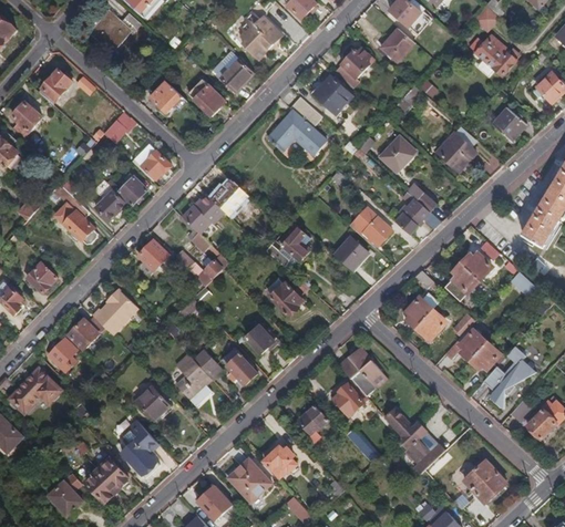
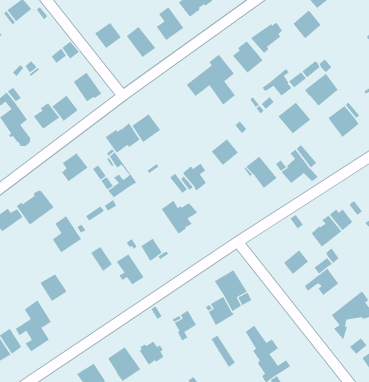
building: none -> [304,73,339,106]
building: none -> [261,68,293,96]
building: [335,237,368,270] -> [211,138,239,166]
building: [404,292,439,329] -> none
building: [470,342,504,370] -> none
building: [175,354,210,400] -> [52,215,82,253]

